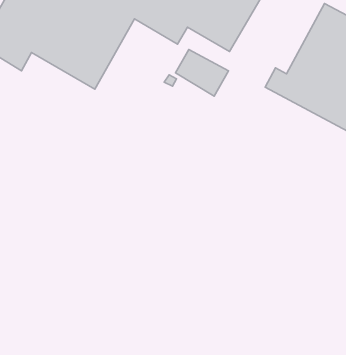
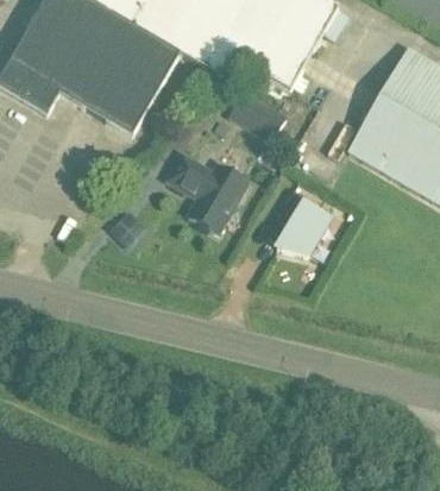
building: none -> [166,155,247,234]
building: none -> [276,190,328,257]

